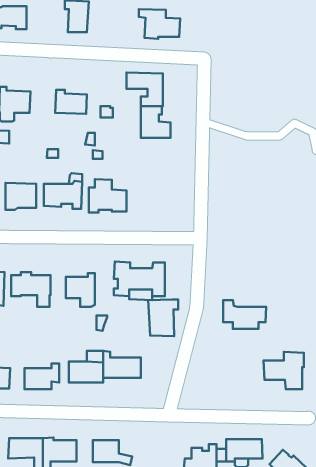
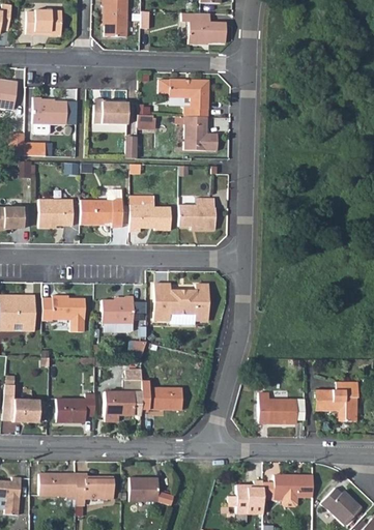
building: none -> [177,198,213,229]
building: [148,299,178,336] -> none
building: [223,300,266,329] -> [260,392,307,423]

